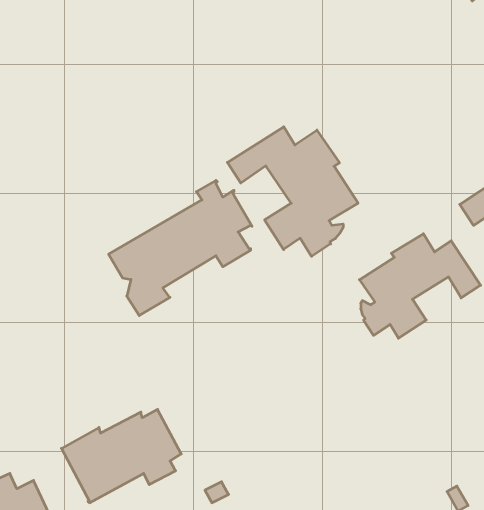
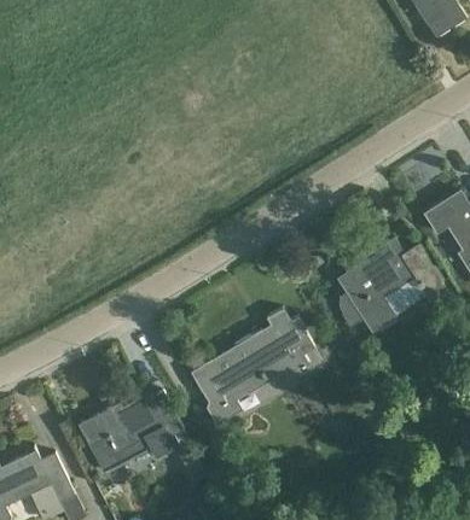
building: [227,127,358,256] -> none
building: [109,180,252,316] -> [190,308,314,425]

